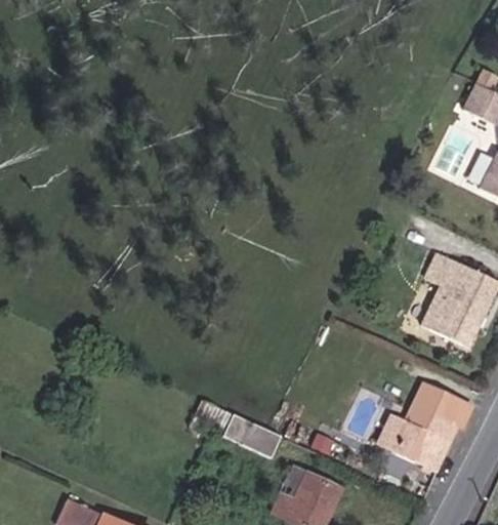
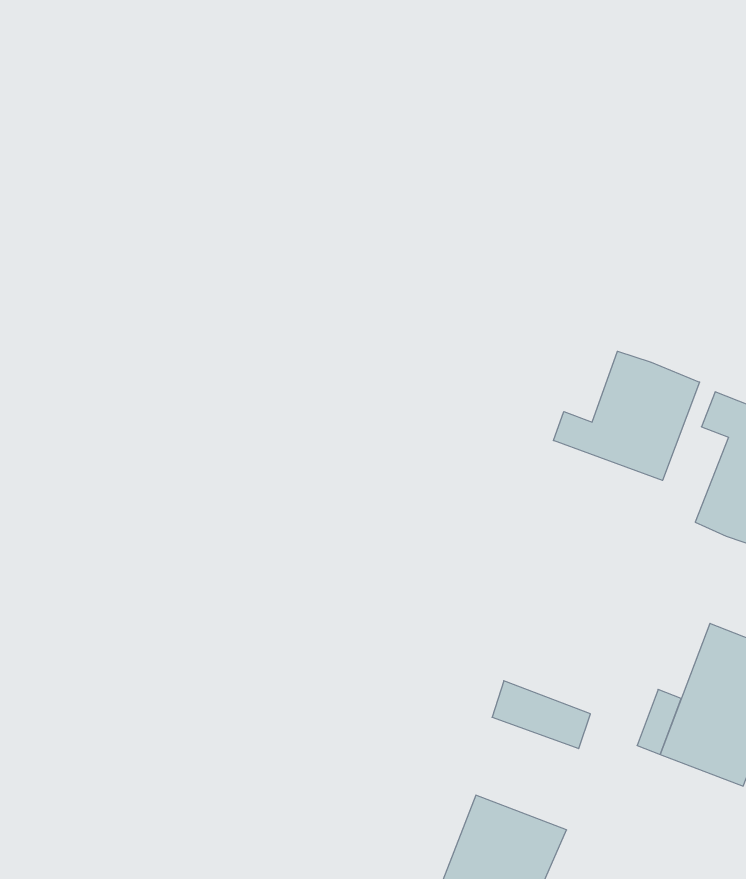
building: none -> [553,351,700,480]
building: [218,408,273,449] -> [492,681,590,749]

